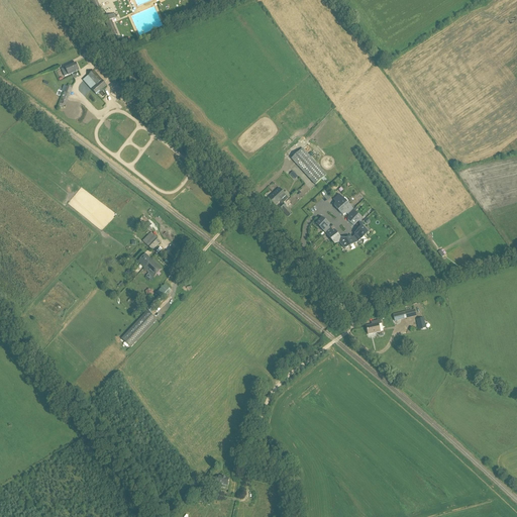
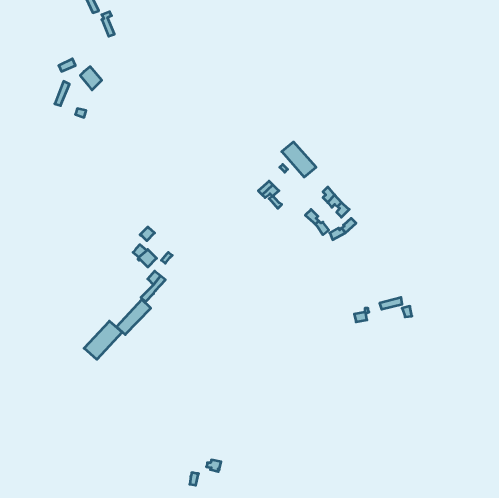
building: none -> [84,321,122,359]

